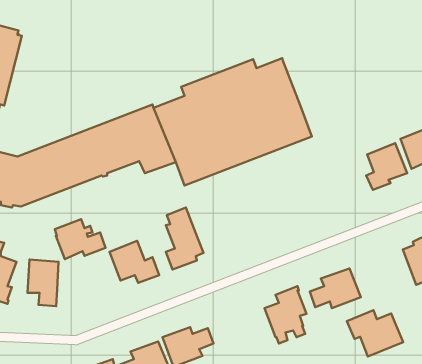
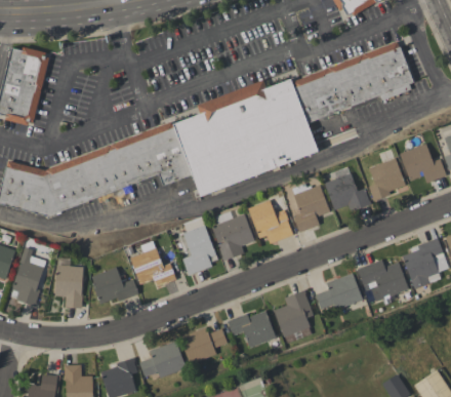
building: none -> [291,42,413,124]
building: none -> [324,173,371,212]
building: none -> [292,184,330,233]
building: none -> [248,200,292,244]
building: none -> [211,211,254,262]
building: [55,219,106,259] -> [91,268,138,305]
building: none -> [227,311,276,348]
building: [347,310,403,357] -> [357,260,409,303]

